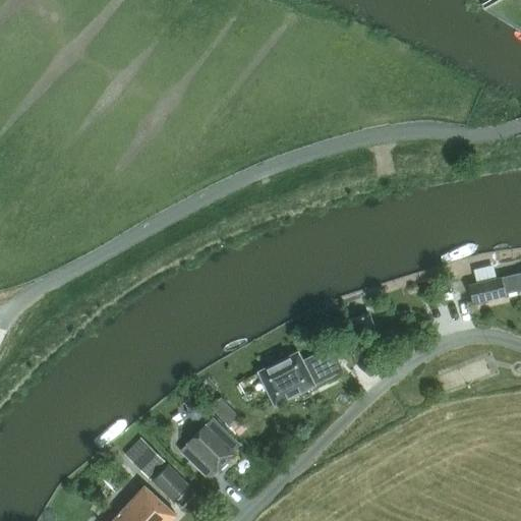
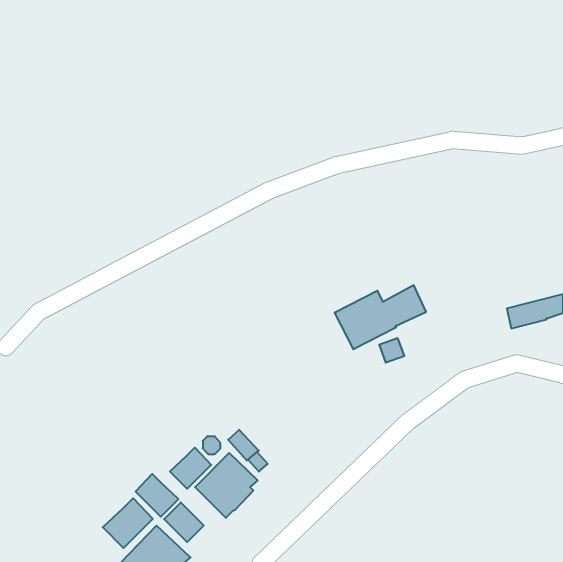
building: [257,347,342,406] -> [335,285,426,349]
building: none -> [170,448,211,489]
building: none -> [103,498,153,548]

